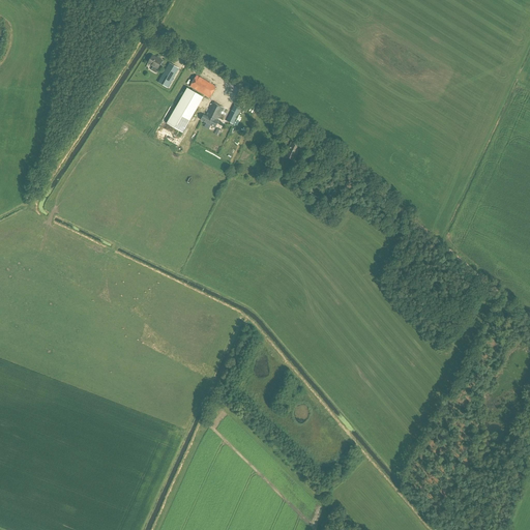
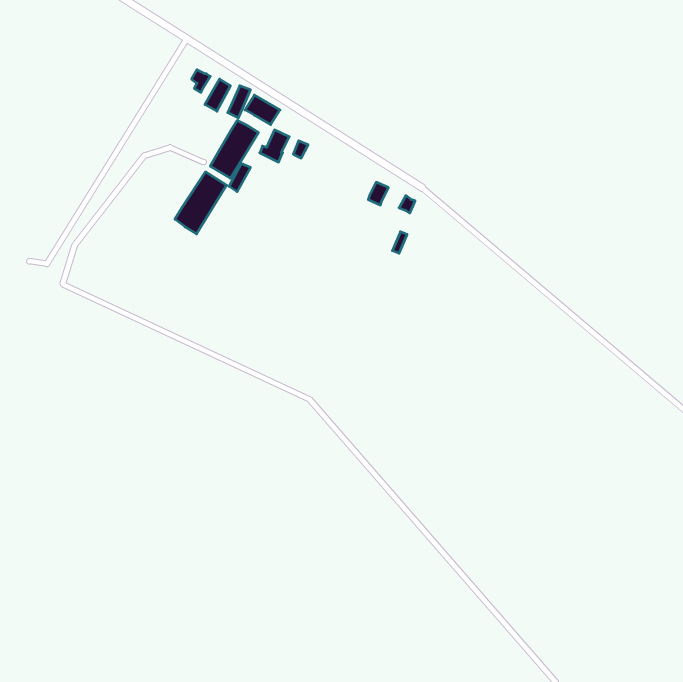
building: none -> [175,172,227,234]

